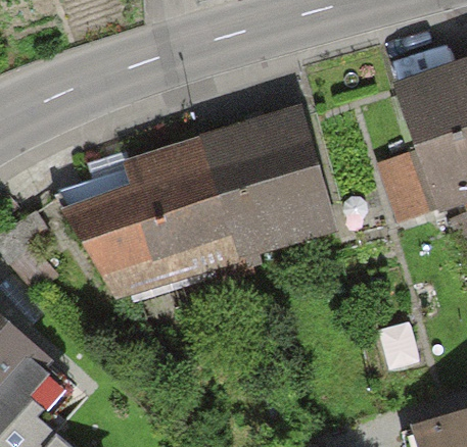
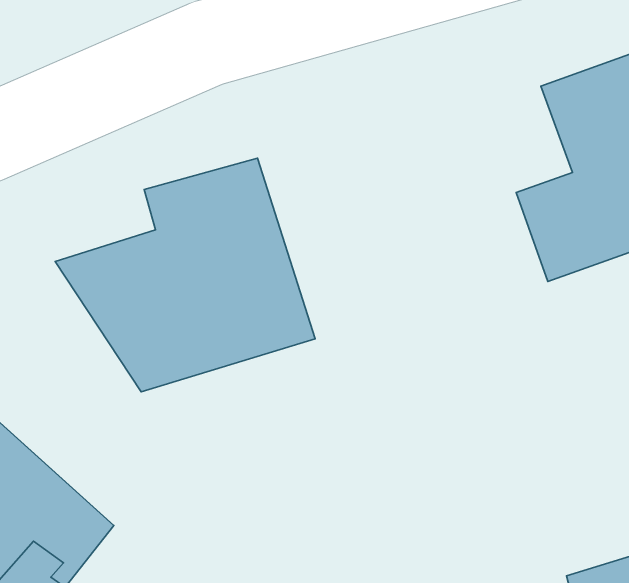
building: [193,102,336,263] -> none

